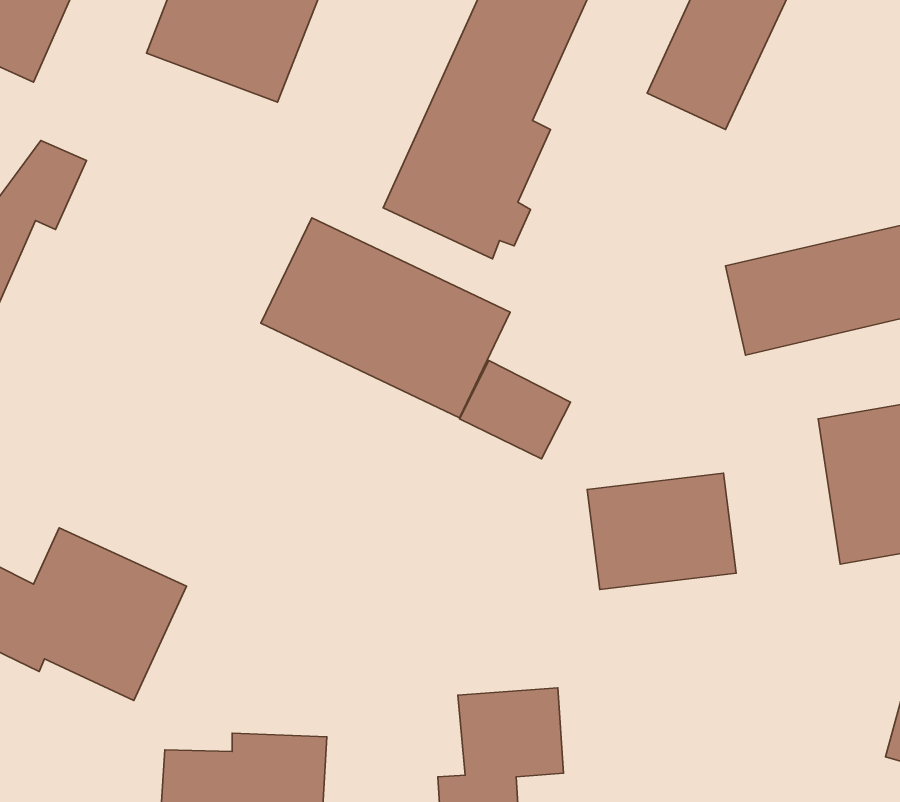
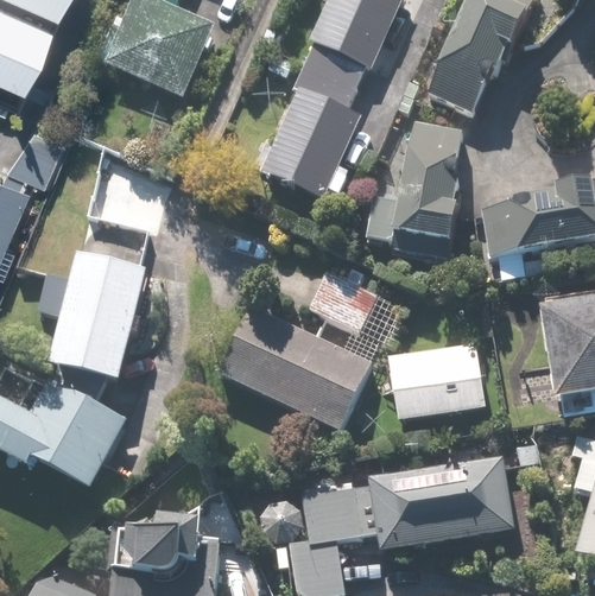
building: none -> [363,122,461,259]
building: [261,218,510,418] -> [210,300,373,431]
building: none -> [37,256,141,382]
building: none -> [369,452,513,550]

